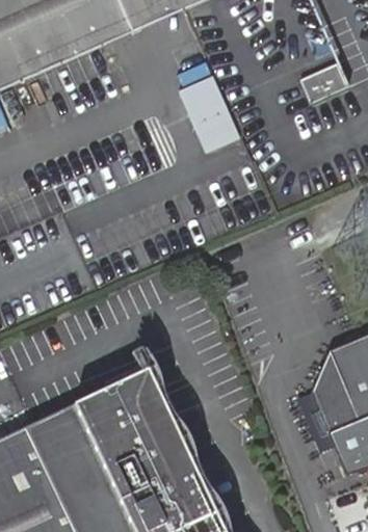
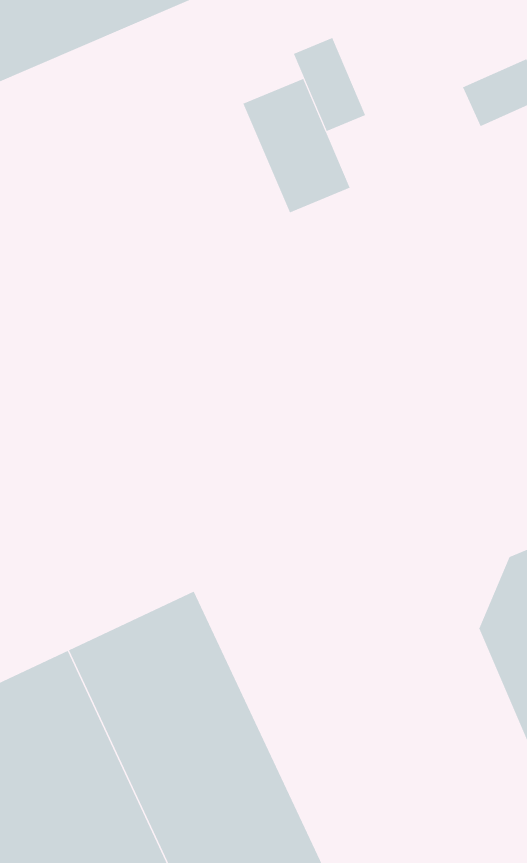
building: none -> [293,37,366,132]

